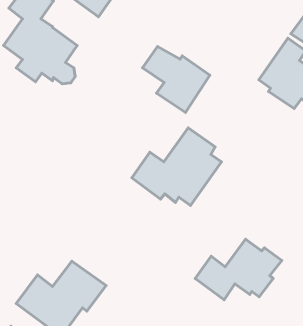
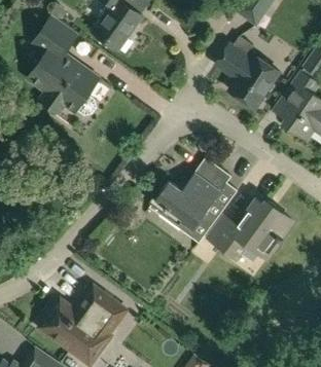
building: [143,46,210,112] -> [215,44,280,108]
building: [195,239,282,300] -> [209,199,292,258]

